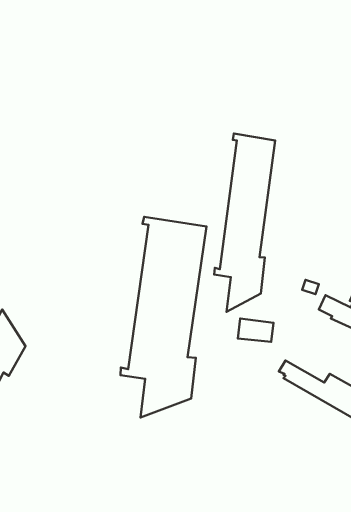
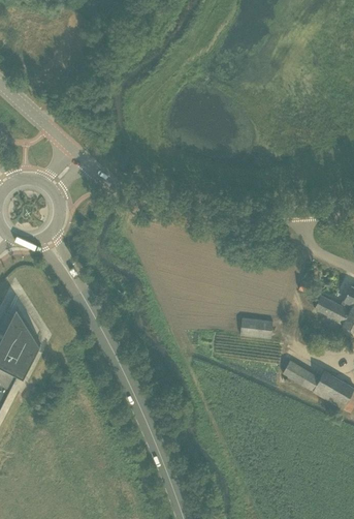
building: [214,134,275,312] -> none
building: [120,217,206,418] -> none

